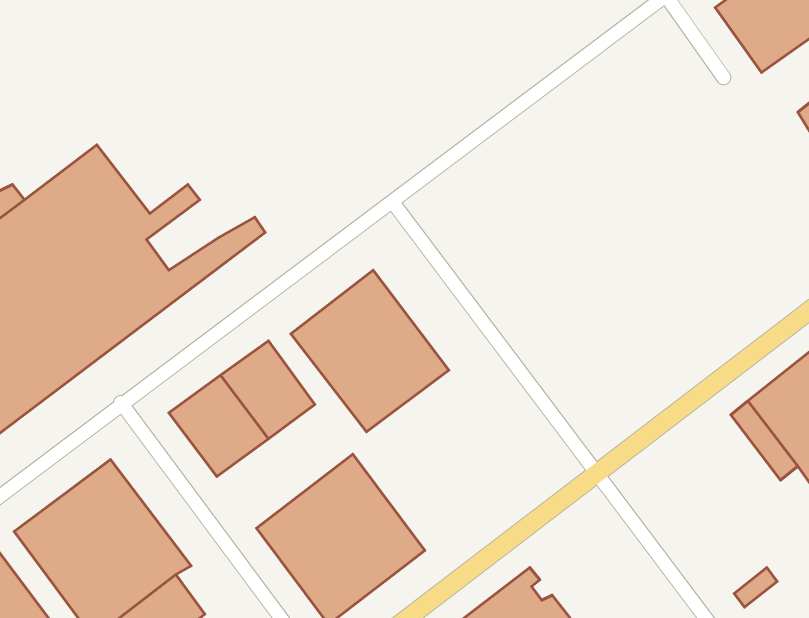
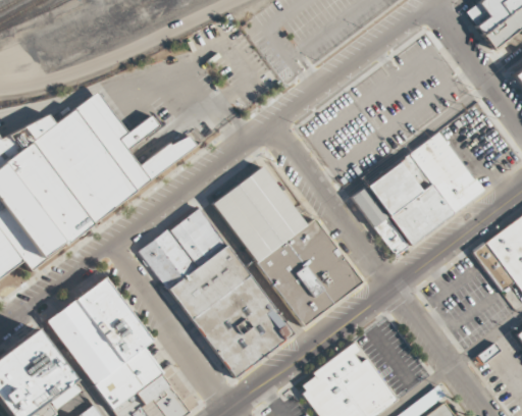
building: none -> [352,133,483,256]
building: none -> [257,219,361,324]
building: none -> [168,246,249,319]

